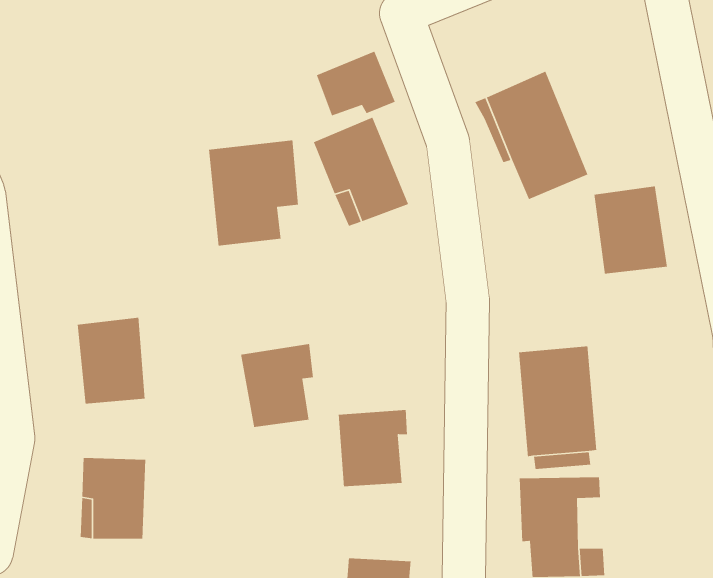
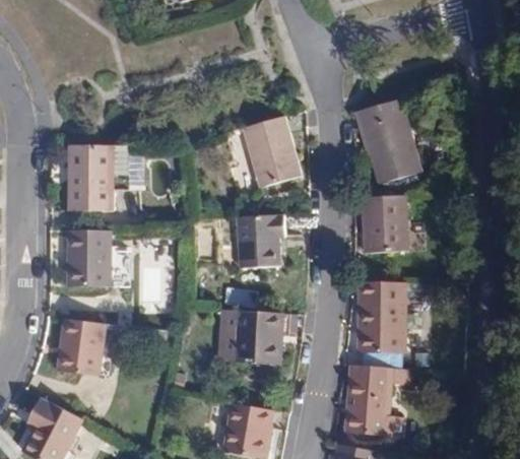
building: [316,50,396,117] -> none
building: [208,140,299,247] -> [68,145,126,210]
building: [593,186,668,274] -> [360,197,403,252]
building: [240,343,314,428] -> [243,214,289,266]

